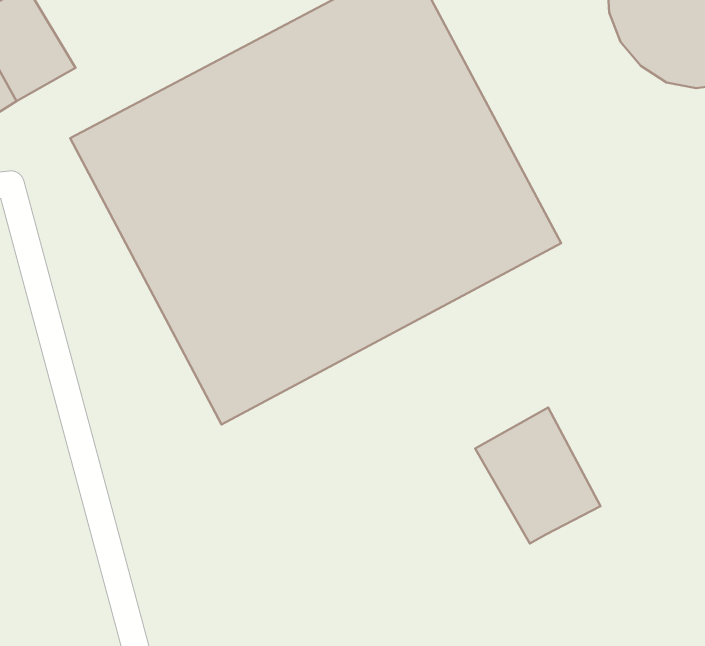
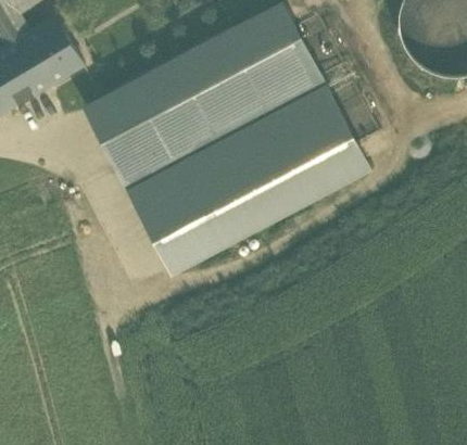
building: [475,407,600,543] -> none

